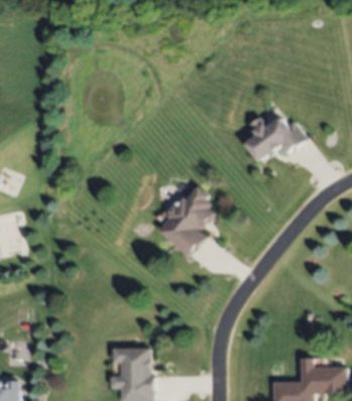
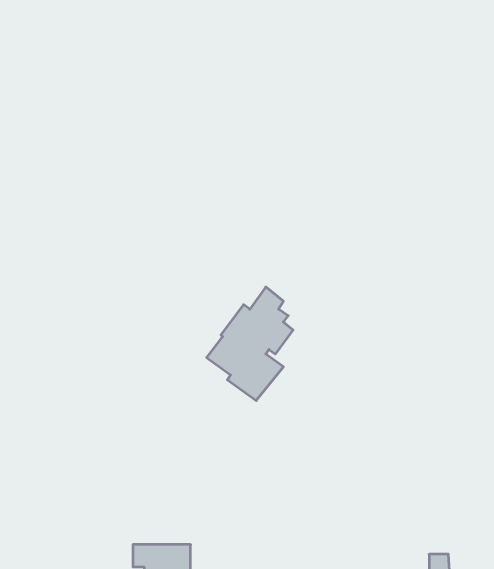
building: [245,115,308,160] -> none

